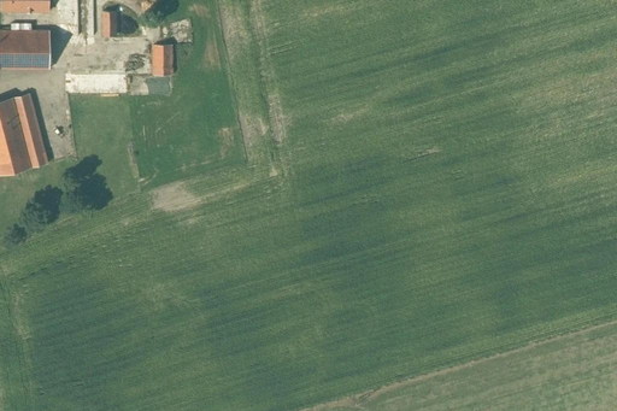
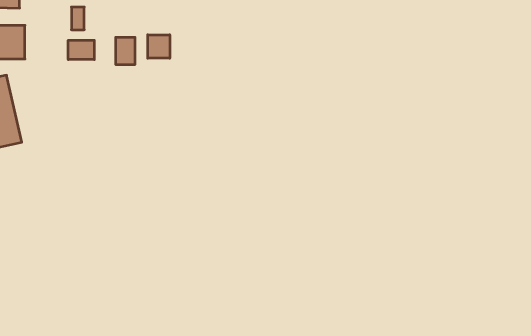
building: none -> [148,35,170,58]
building: none -> [68,40,94,60]

